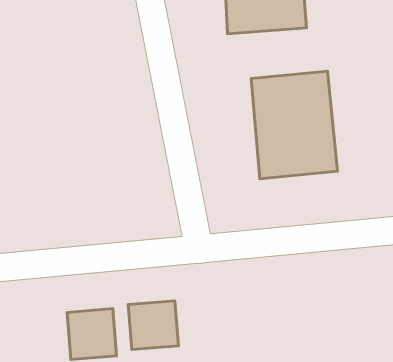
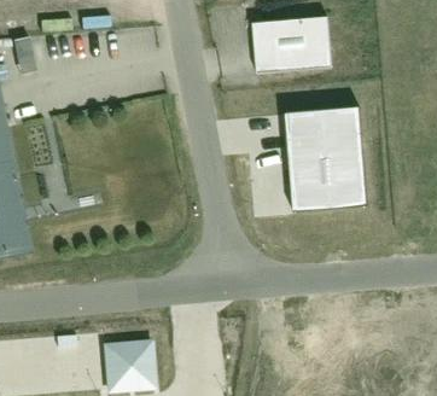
building: [128,301,178,349] -> none

